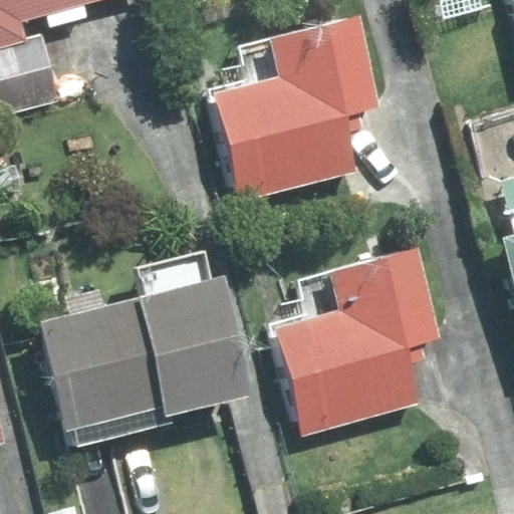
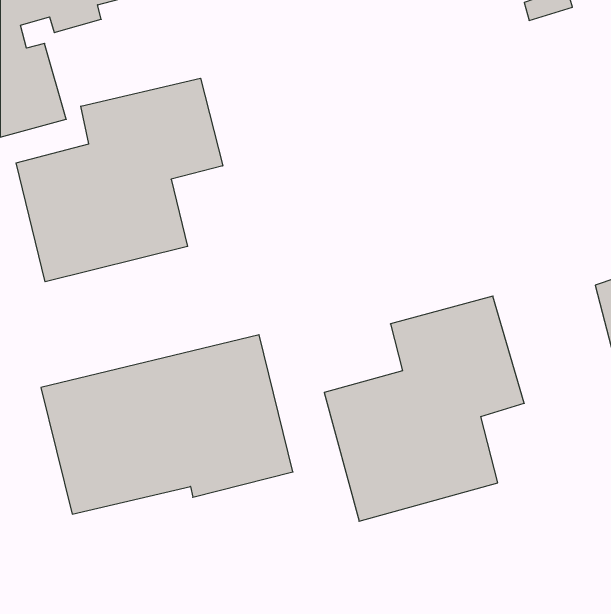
building: [211,15,380,200] -> none
building: none -> [16,78,223,282]

